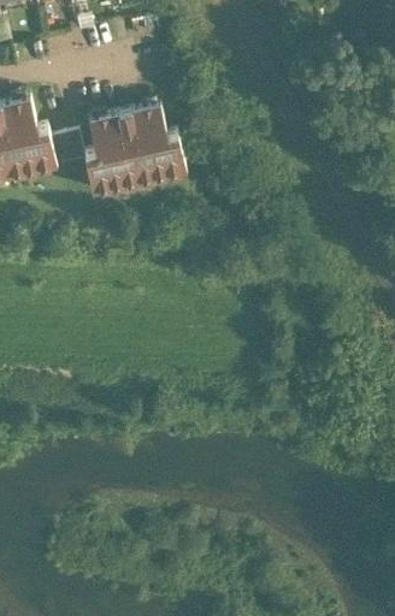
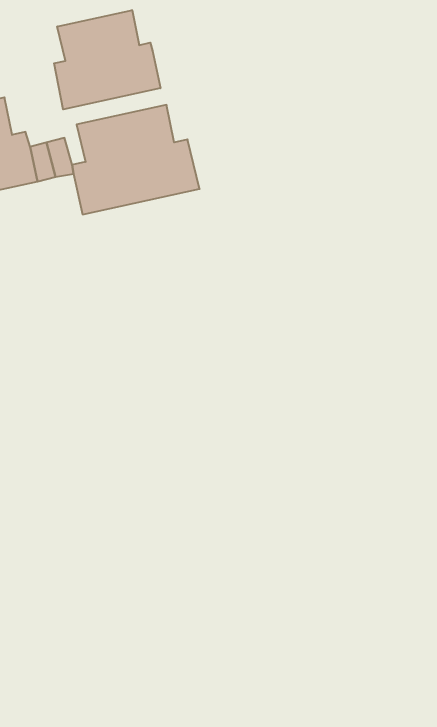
building: none -> [54,10,160,109]

